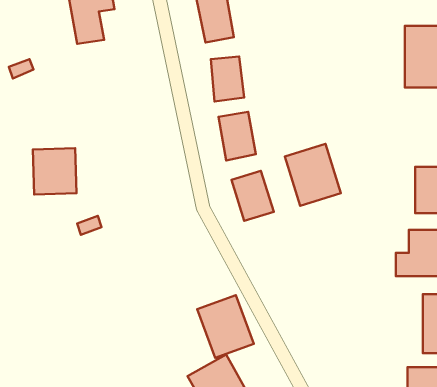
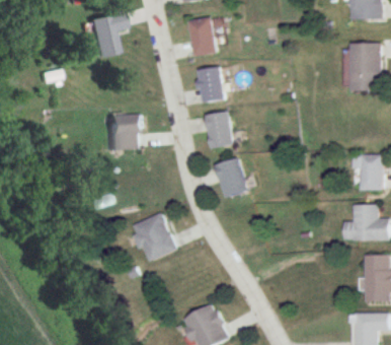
building: [285,144,341,206] -> none
building: [33,148,77,194] -> [105,115,140,151]
building: [197,295,254,358] -> [131,212,175,262]

